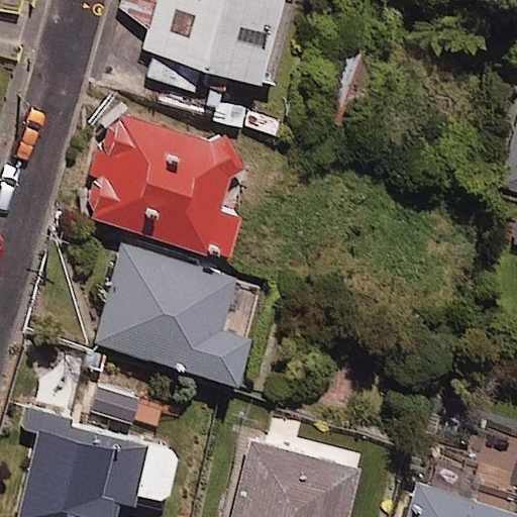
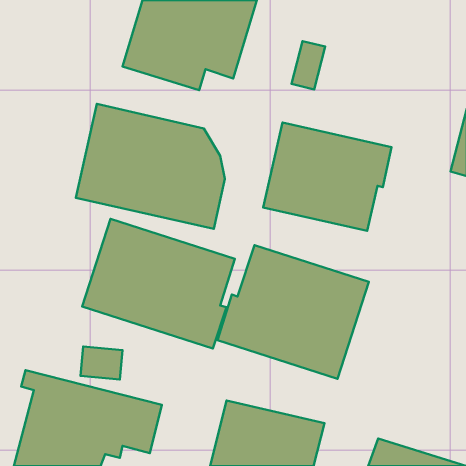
building: none -> [263,123,391,231]
building: none -> [217,245,369,379]

